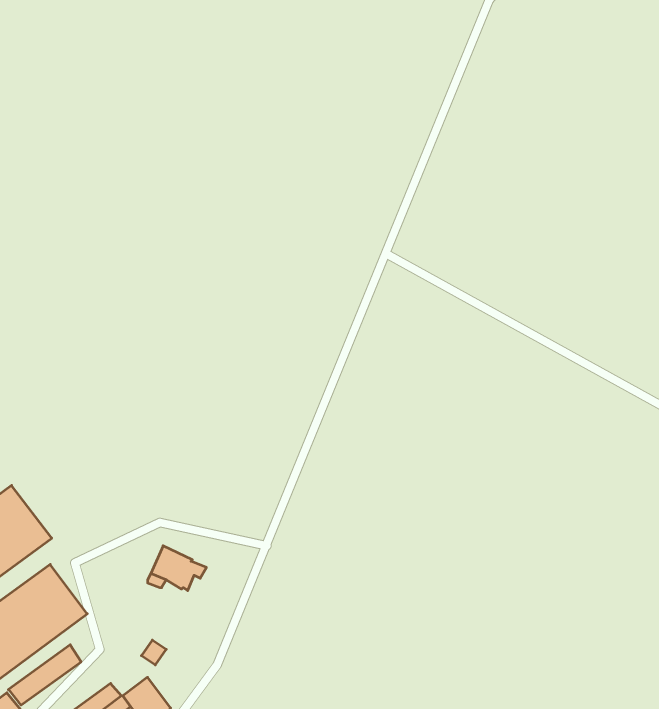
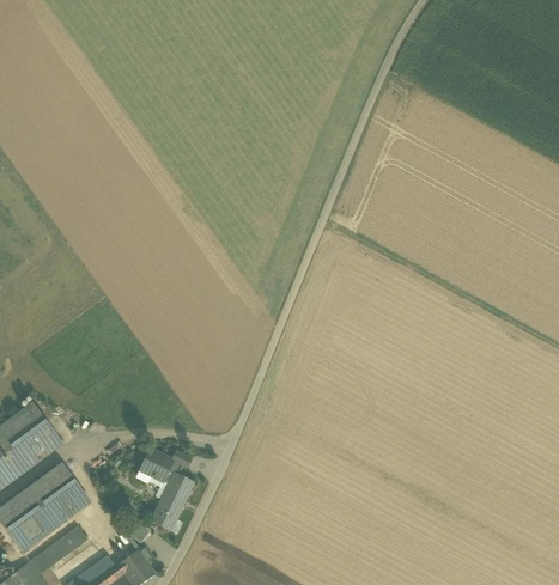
building: none -> [151,471,195,531]

